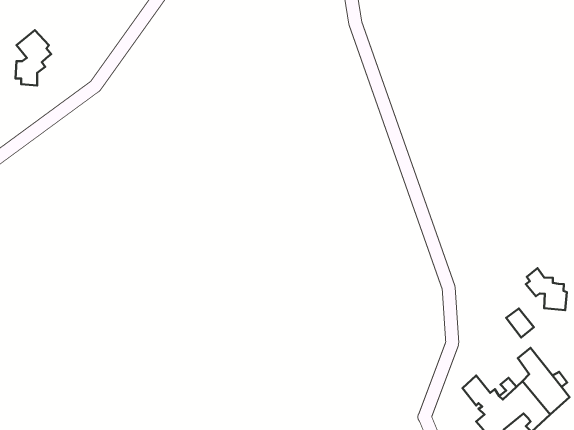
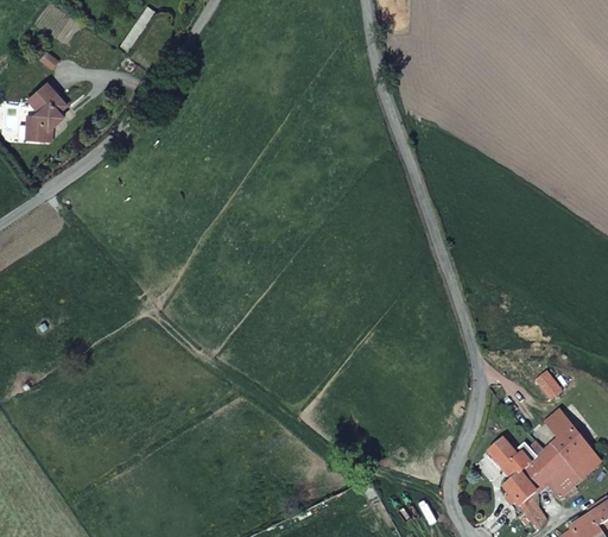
building: [526,268,567,310] -> none

